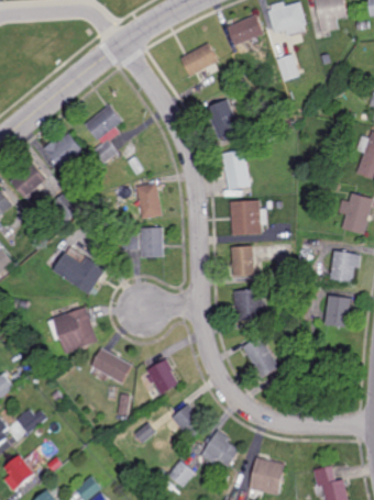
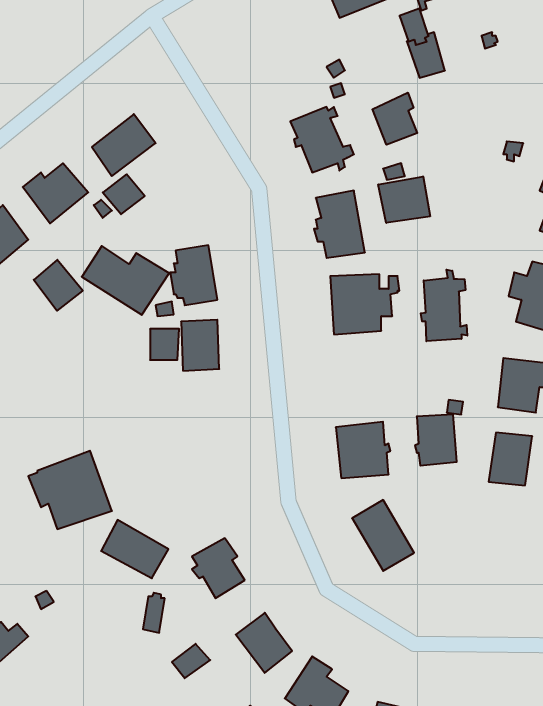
building: [179,42,218,76] -> none
building: none -> [372,93,417,145]
building: none -> [378,176,430,223]
building: none -> [421,270,467,341]
building: [229,246,254,277] -> [415,415,457,466]
building: [52,253,105,295] -> [82,246,169,315]

